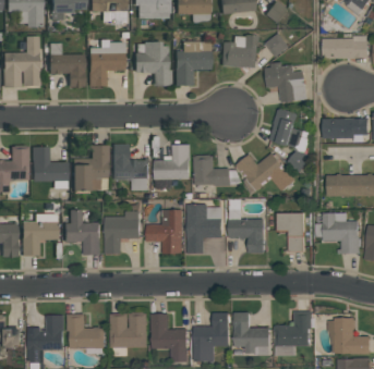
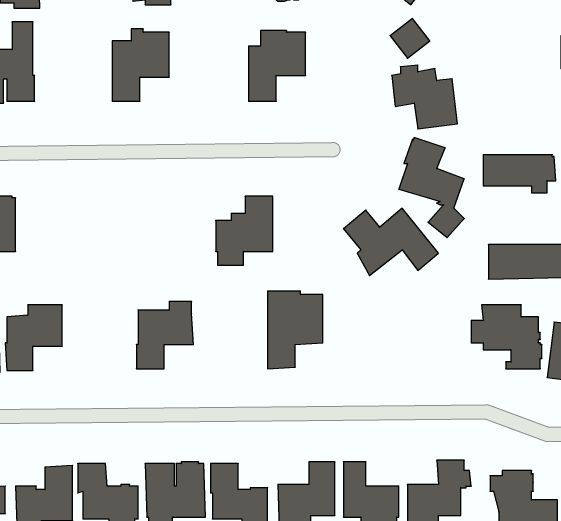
building: [221,34,257,69] -> none
building: [322,36,367,59] -> none
building: [134,41,171,85] -> none
building: [48,42,84,86] -> none
building: [112,144,147,190] -> none
building: [72,145,108,190] -> none
building: [31,146,67,188] -> none
building: [193,155,242,186] -> none
building: [228,199,264,254] -> none
building: [63,209,100,255] -> none
building: [146,209,182,254] -> none
building: [276,213,303,251] -> none

